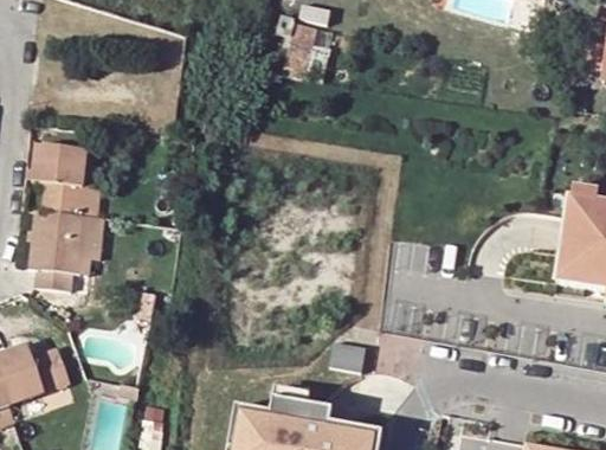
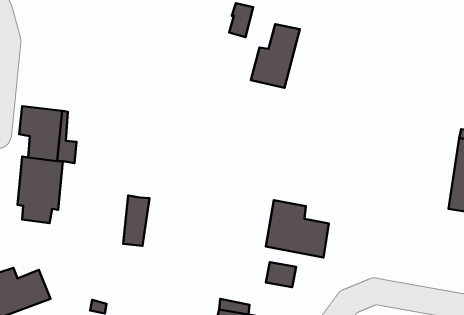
building: none -> [251,24,300,88]
building: [77,216,109,277] -> [123,195,149,246]
building: none -> [266,200,329,258]

